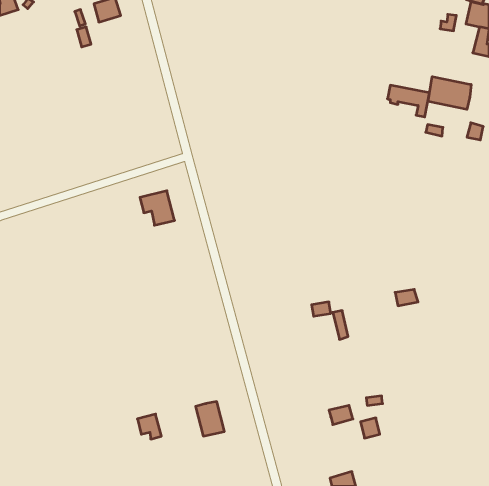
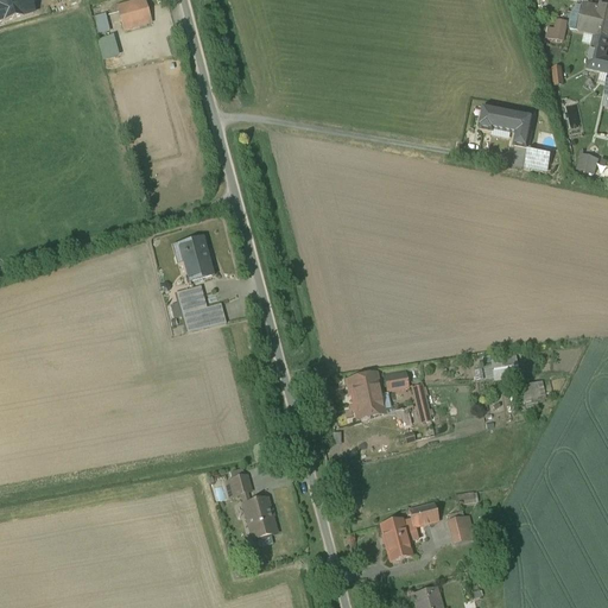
building: [428,77,471,109] -> none
building: none -> [176,284,224,332]
building: none -> [347,370,390,420]
building: [137,414,161,439] -> [226,473,255,504]
building: none -> [379,517,416,560]

